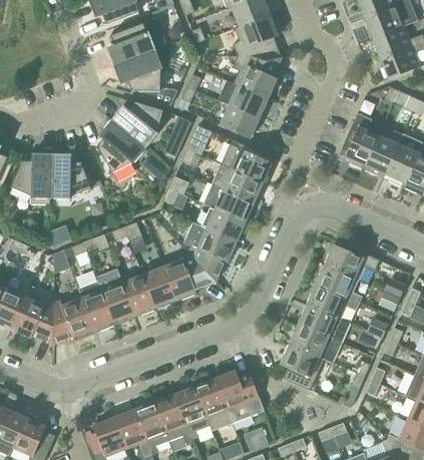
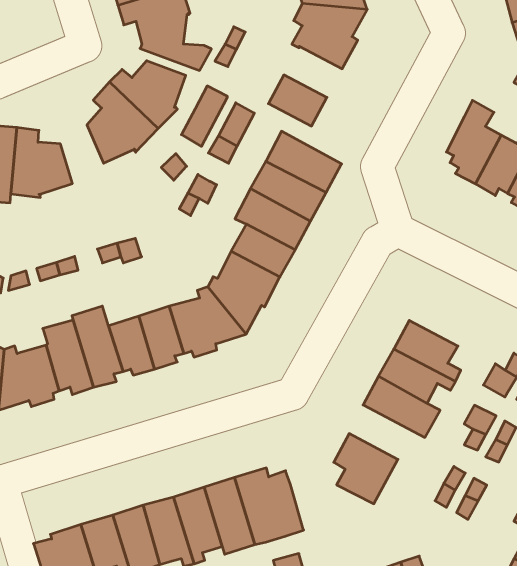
building: [218,81,268,118] -> none
building: [325,245,389,280] -> none
building: [290,324,341,362] -> none

